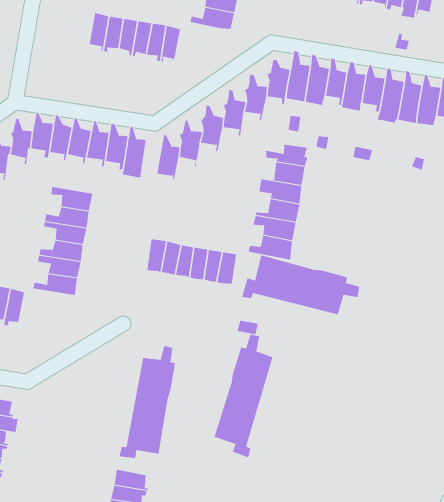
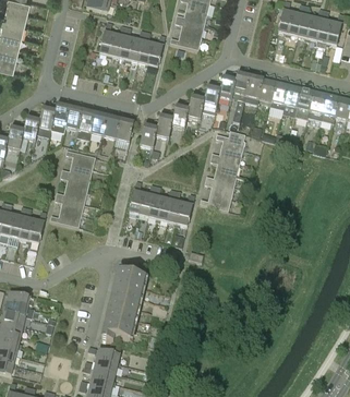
building: [242,254,360,315] -> none
building: [214,334,273,458] -> none

